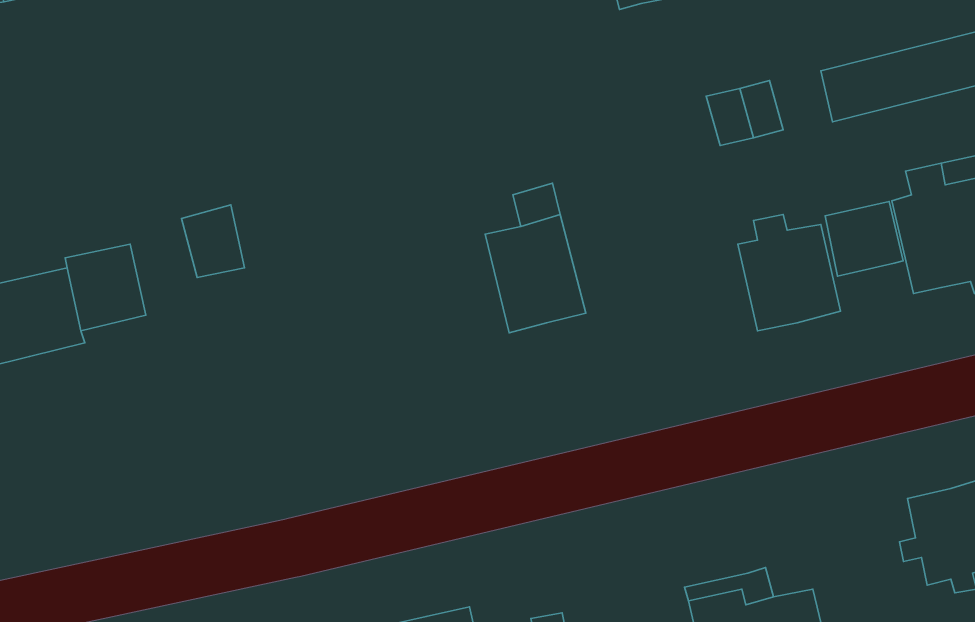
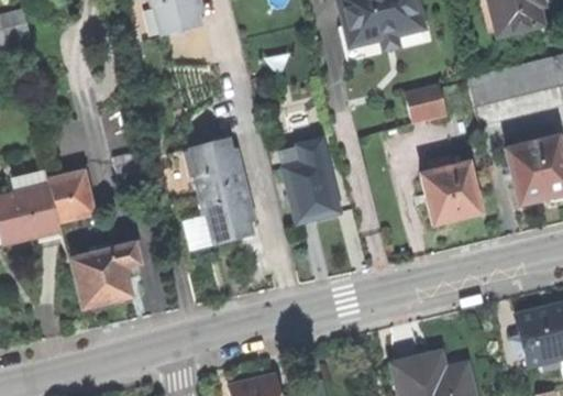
building: none -> [190,139,252,244]
building: [825,201,903,276] -> none
building: none -> [71,243,139,307]

